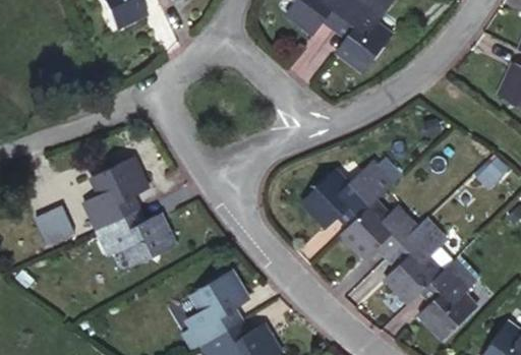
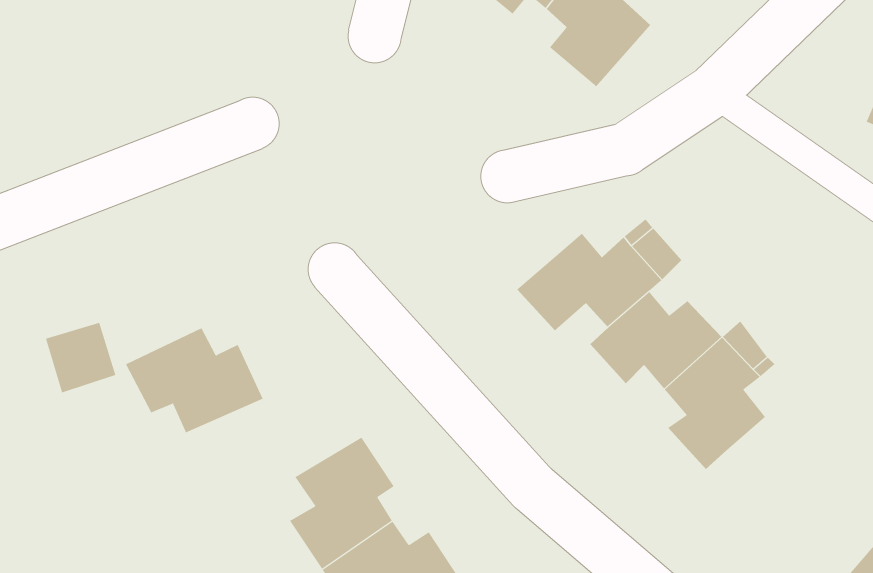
building: [78,165,140,234] -> none
building: [426,254,482,330] -> none

